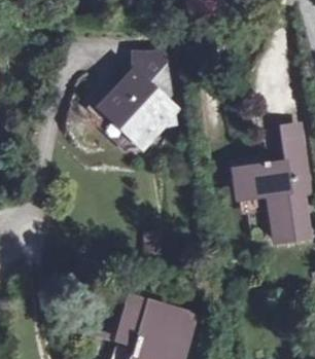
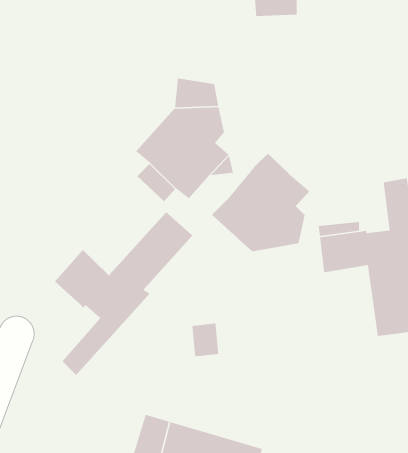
building: none -> [211,153,310,252]
building: none -> [54,212,193,376]

